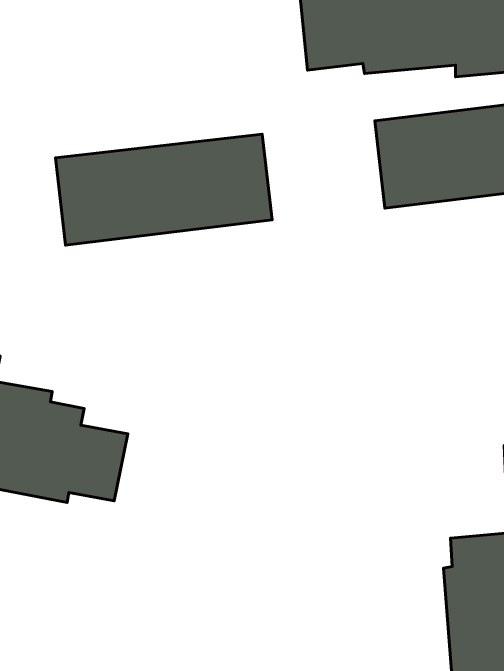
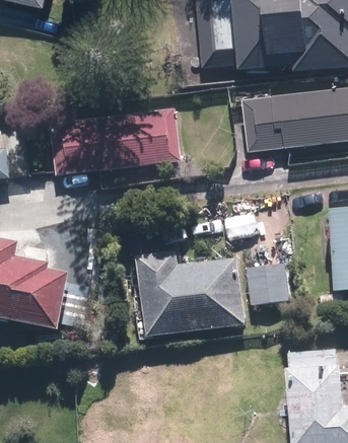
building: none -> [136,251,243,336]
building: none -> [246,262,290,305]

